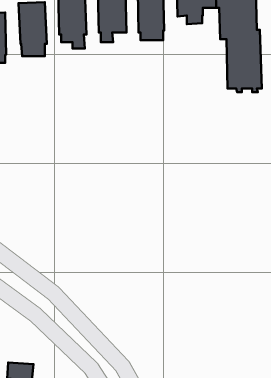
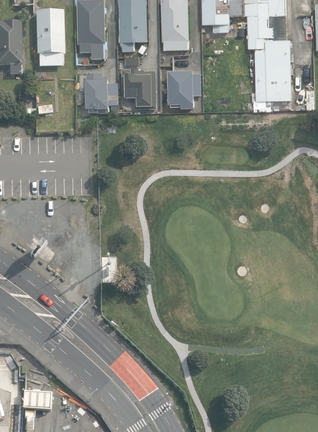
building: none -> [121,69,155,108]
building: none -> [167,70,201,108]
building: none -> [85,73,118,113]

